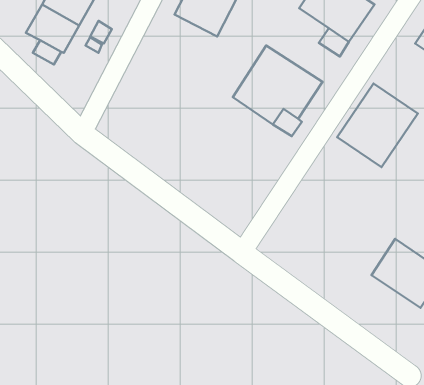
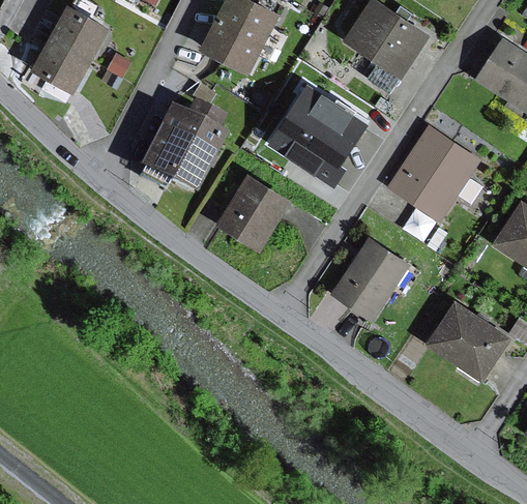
building: none -> [137,103,225,196]
building: none -> [216,172,293,253]
building: none -> [332,238,409,320]

